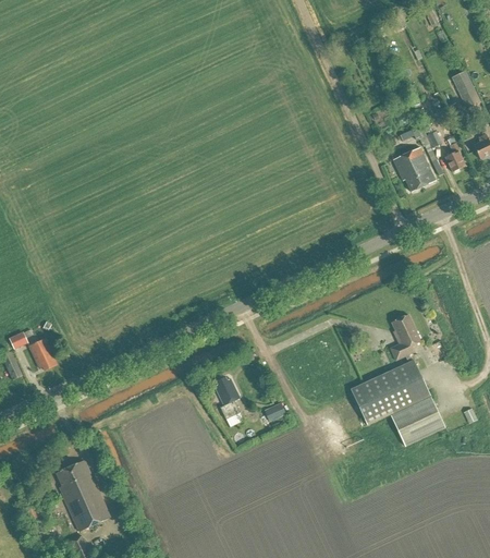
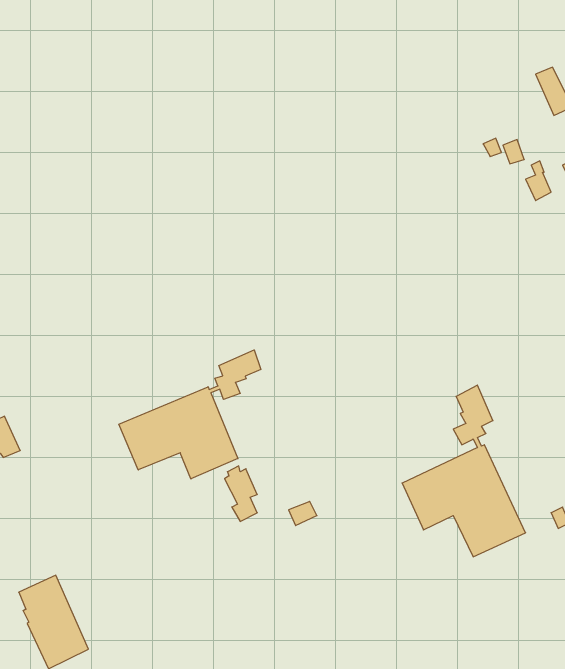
building: [392,147,434,192] -> none
building: none -> [119,350,261,479]

